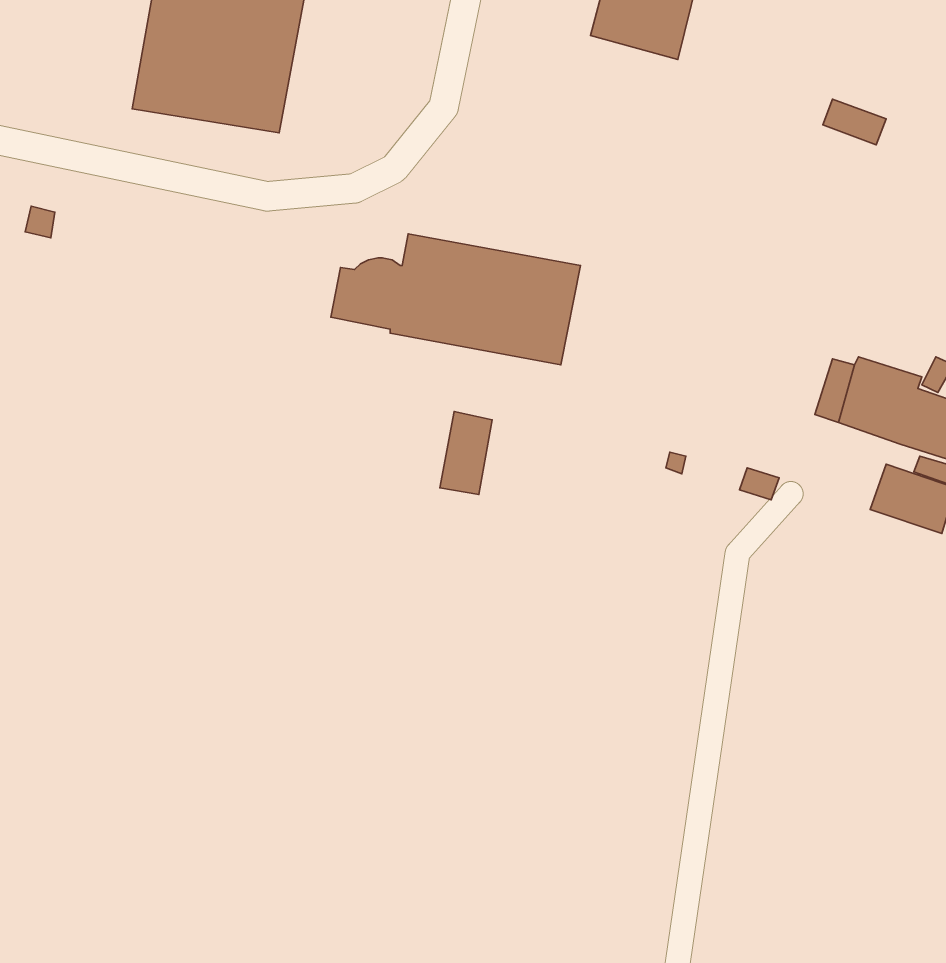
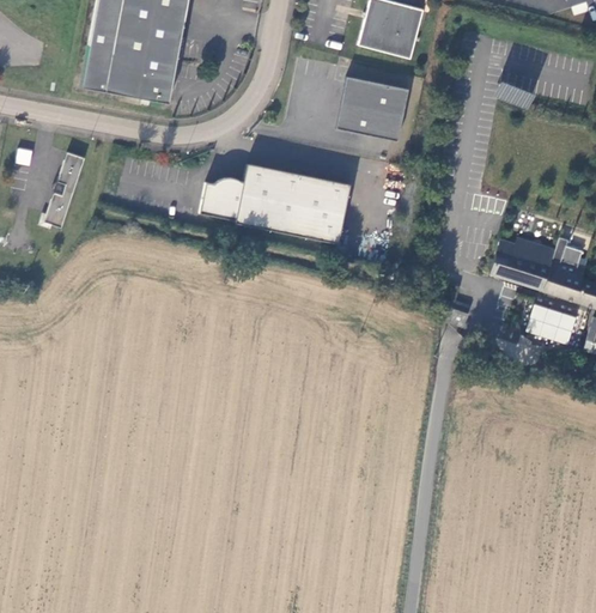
building: none -> [335,74,407,139]
building: none -> [44,151,86,226]
building: [440,412,492,494] -> none

